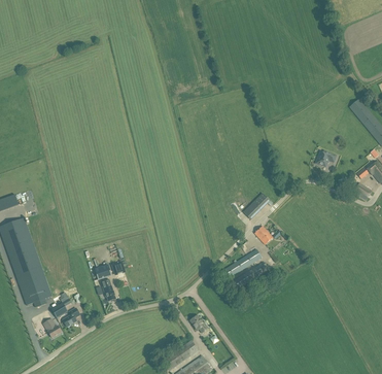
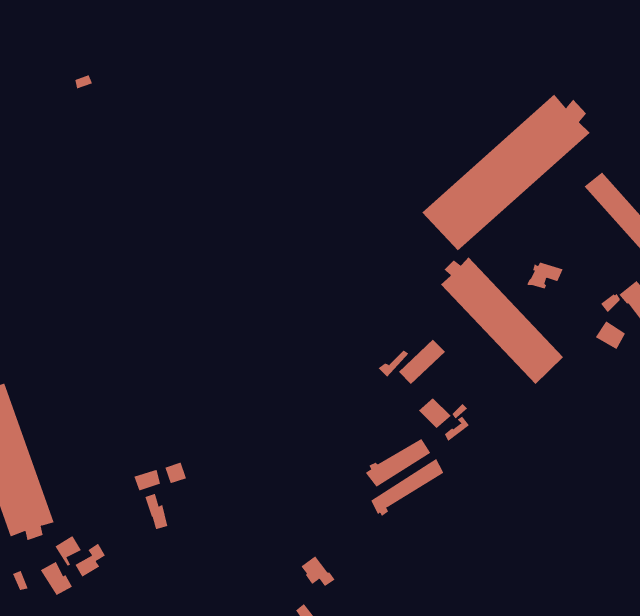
building: none -> [422,94,590,251]
building: none -> [440,257,564,385]

